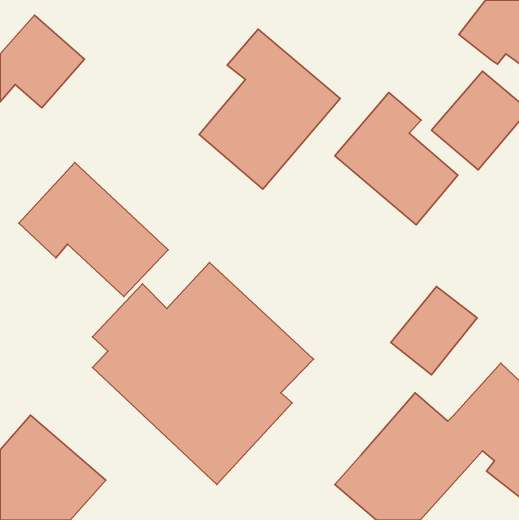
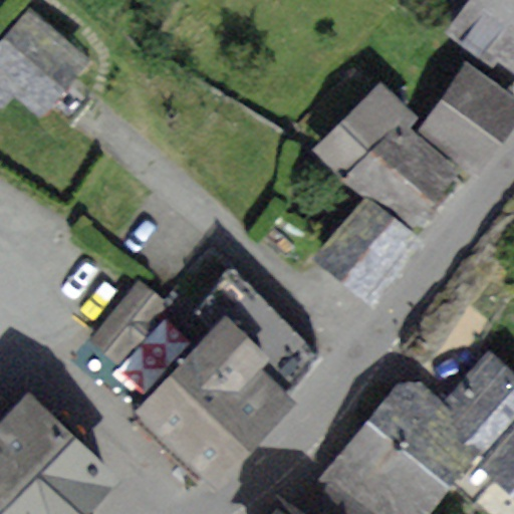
building: [199,29,340,189] -> none
building: [19,163,168,297] -> none
building: [391,286,477,375] -> [324,203,410,290]

